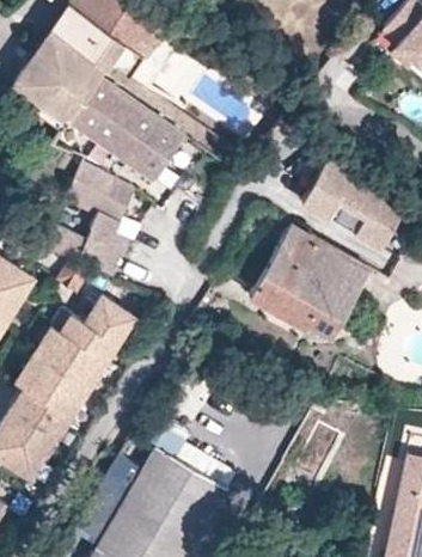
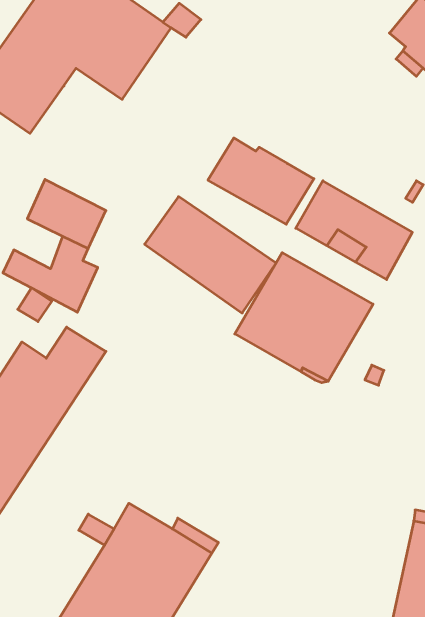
building: [68,80,184,183] -> [145,197,276,313]
building: none -> [208,138,314,224]

